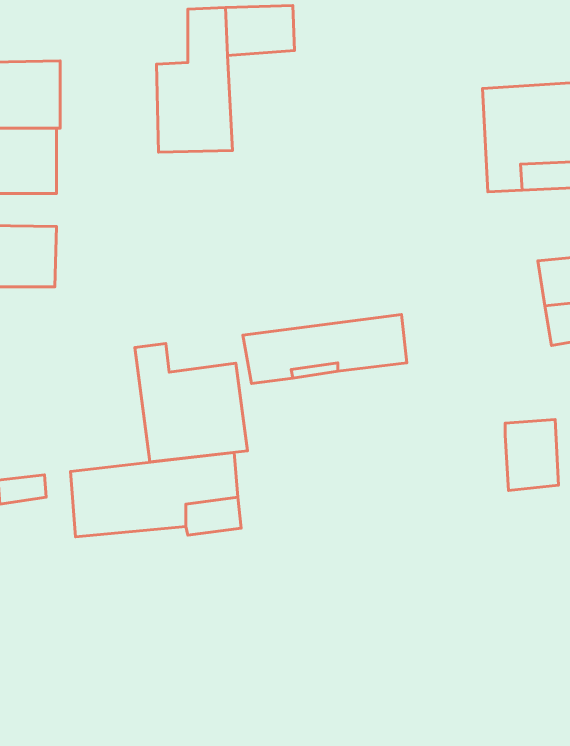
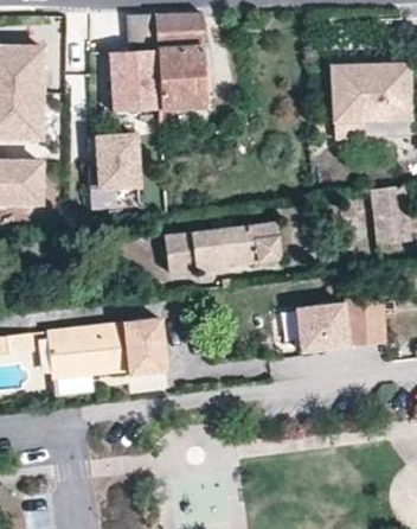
building: none -> [156,42,207,110]
building: none -> [91,134,140,185]
building: [135,343,248,462] -> none
building: none -> [302,306,349,348]

